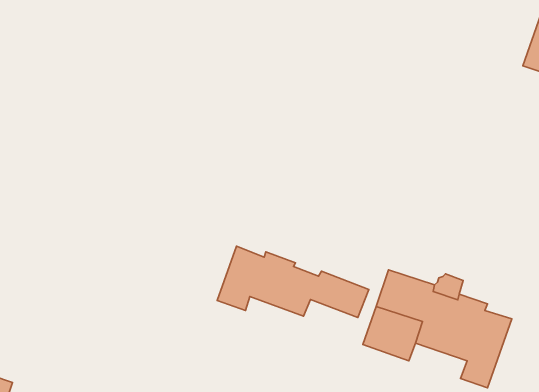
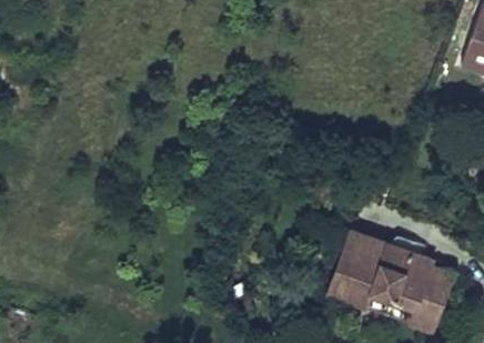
building: [217,246,369,318] -> none

